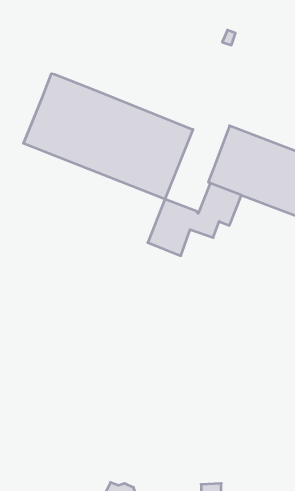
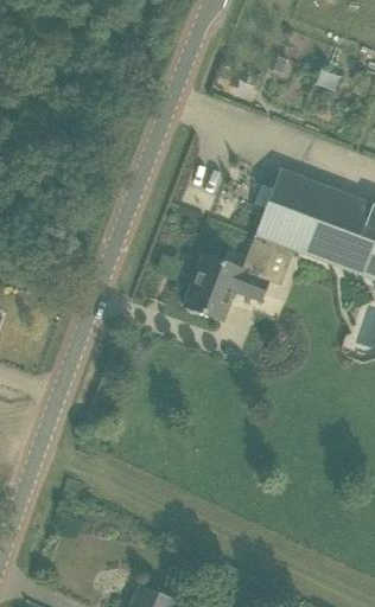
building: [23,74,193,199] -> none

